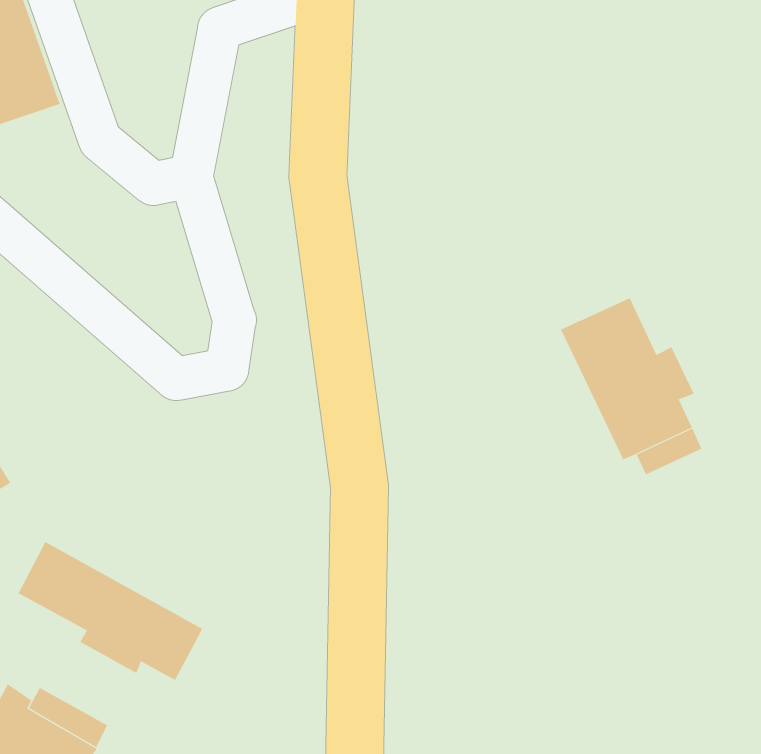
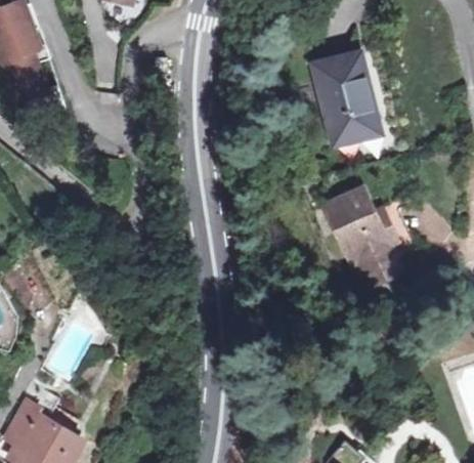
building: none -> [313,53,373,144]
building: [18,541,203,681] -> none

